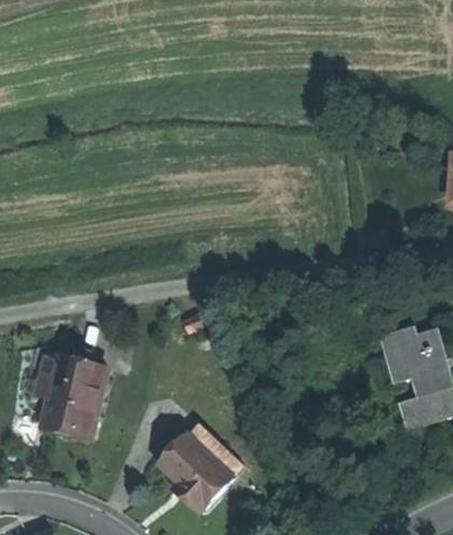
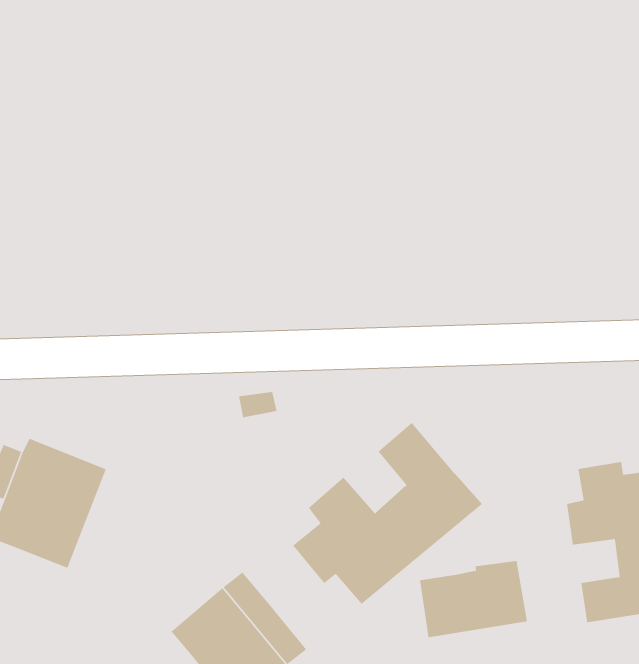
building: none -> [292,422,483,605]
building: none -> [419,560,528,638]

